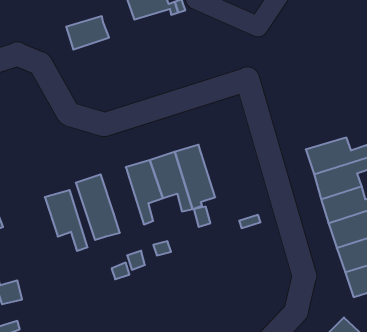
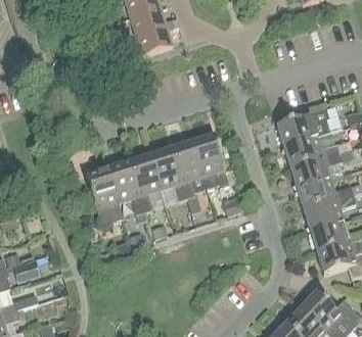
building: [66,16,109,50] -> [136,27,173,55]
building: none -> [276,110,331,147]
building: none -> [191,136,229,188]
building: [45,190,88,251] -> [107,162,144,214]

